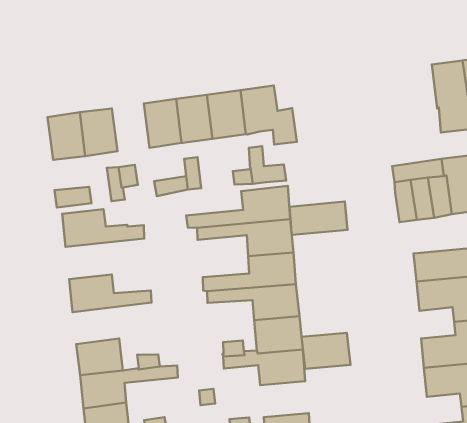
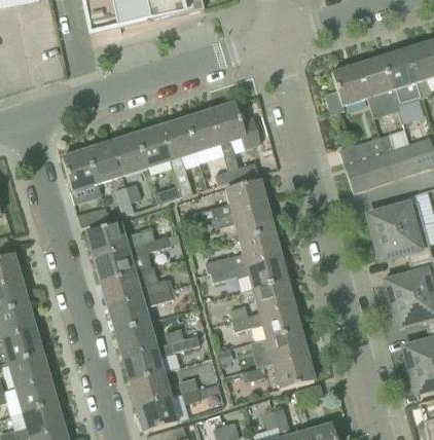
building: none -> [325,64,367,114]
building: none -> [111,134,146,175]
building: [290,202,347,235] -> none
building: none -> [94,235,170,282]
building: none -> [108,289,172,332]
building: [302,333,350,369] -> [265,330,308,364]

